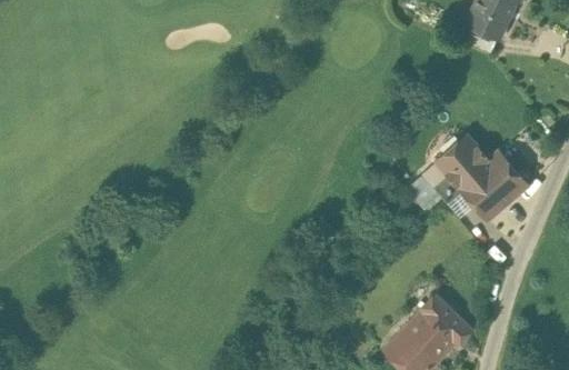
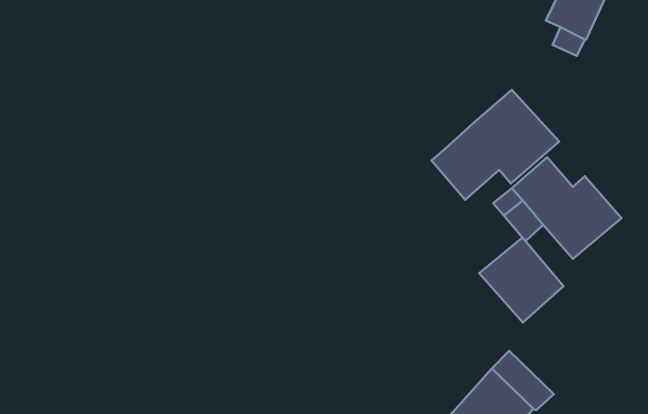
building: none -> [432,90,559,200]
building: none -> [479,237,563,322]

